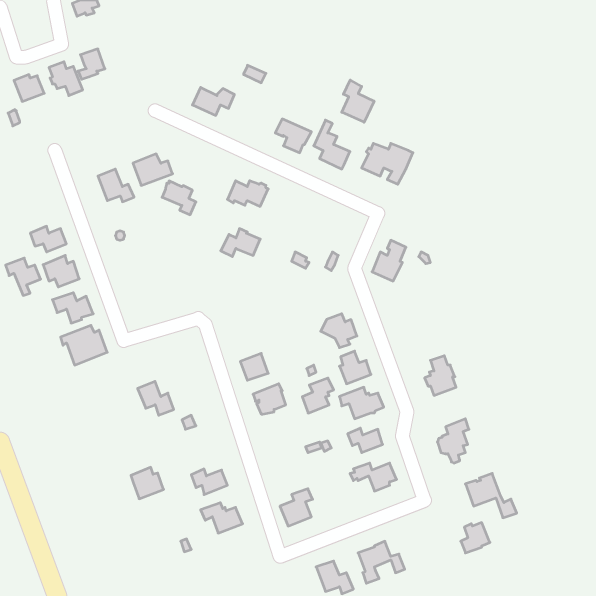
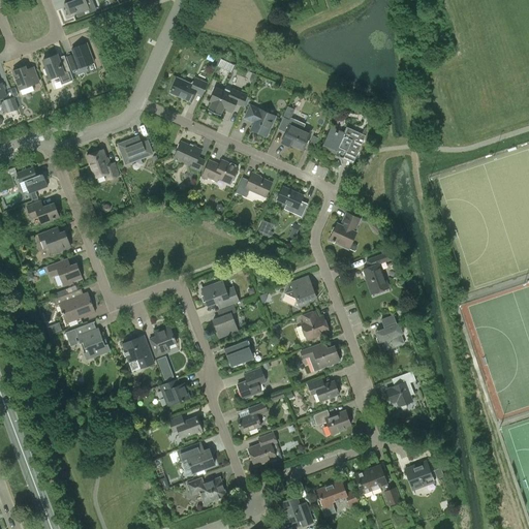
building: [342,80,374,122] -> none
building: none -> [209,87,249,115]
building: [162,181,196,215] -> [175,142,205,172]
building: none -> [277,187,308,217]
building: [221,229,260,257] -> [236,173,271,197]
building: [6,258,41,295] -> [17,167,48,200]
building: none -> [363,248,392,289]
building: none -> [204,281,240,306]
building: none -> [66,322,110,359]
building: none -> [150,325,176,356]
building: [302,378,334,413] -> [238,368,266,399]
building: none -> [238,403,268,433]
building: [131,467,164,499] -> [160,378,189,406]
building: [465,473,517,518] -> [355,465,401,504]
building: none -> [187,477,226,503]

